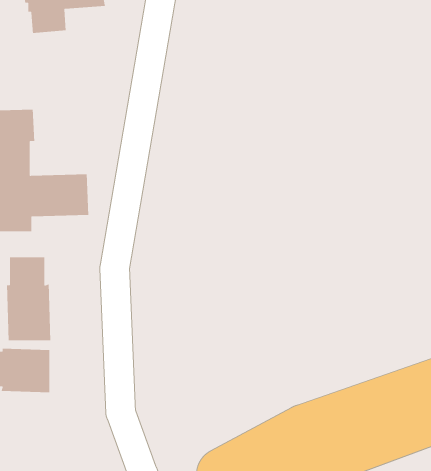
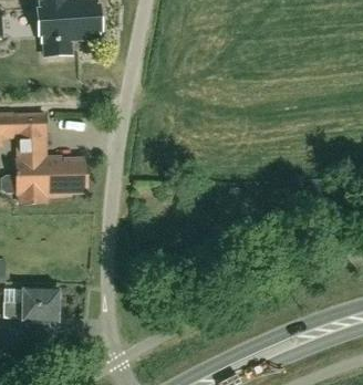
building: [6,256,51,341] -> none

